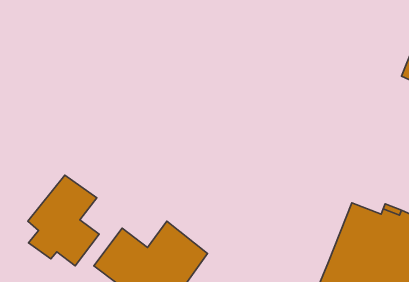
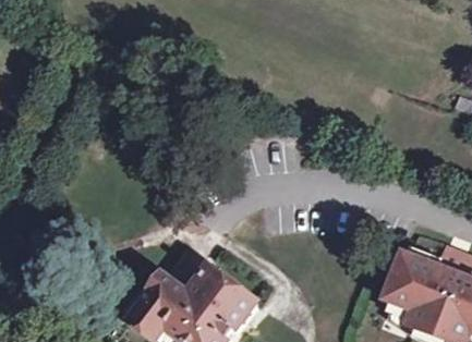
building: [28,175,99,266] -> none

